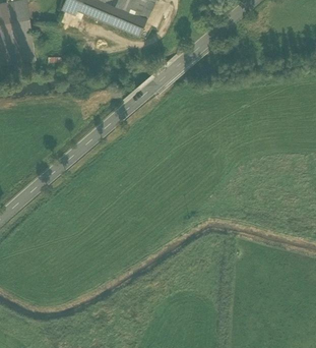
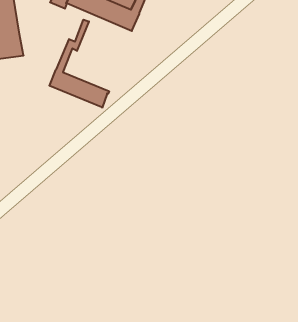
building: none -> [49,20,109,108]

